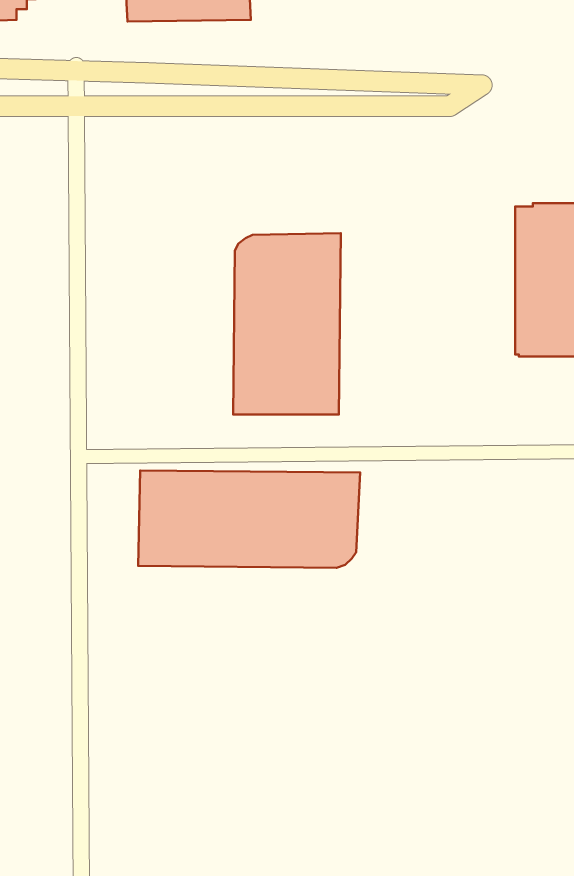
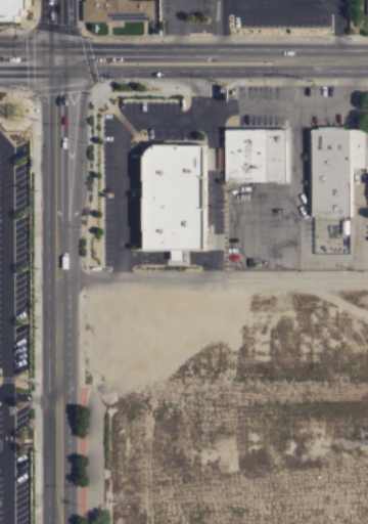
building: none -> [222,127,283,181]
building: [138,470,360,568] -> none

